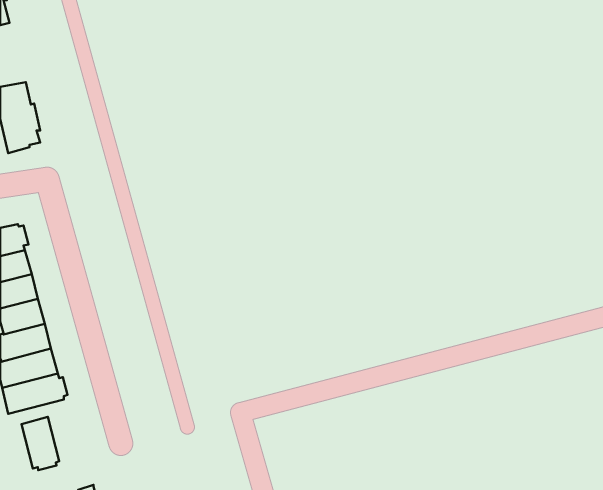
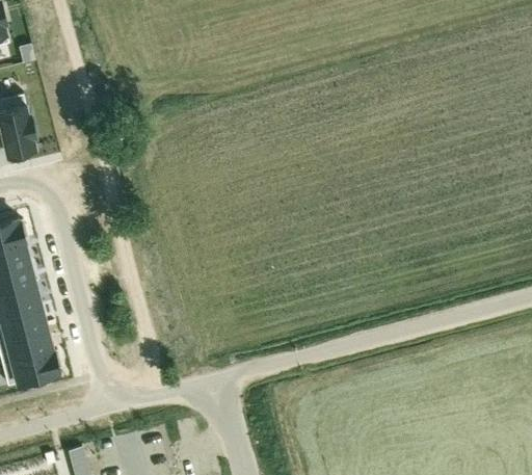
building: [22,417,59,470] -> none

